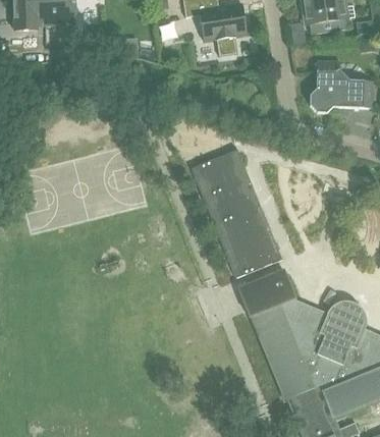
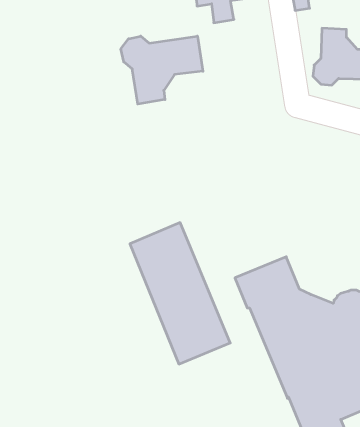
building: none -> [121,36,203,104]
building: [191,149,282,278] -> [130,223,230,364]

